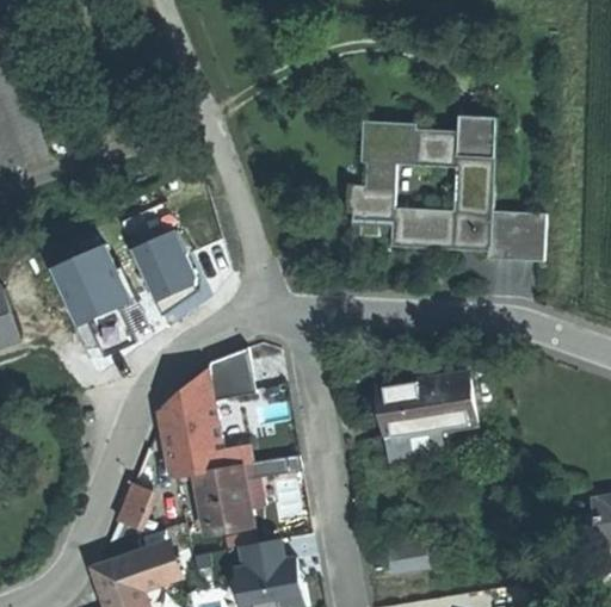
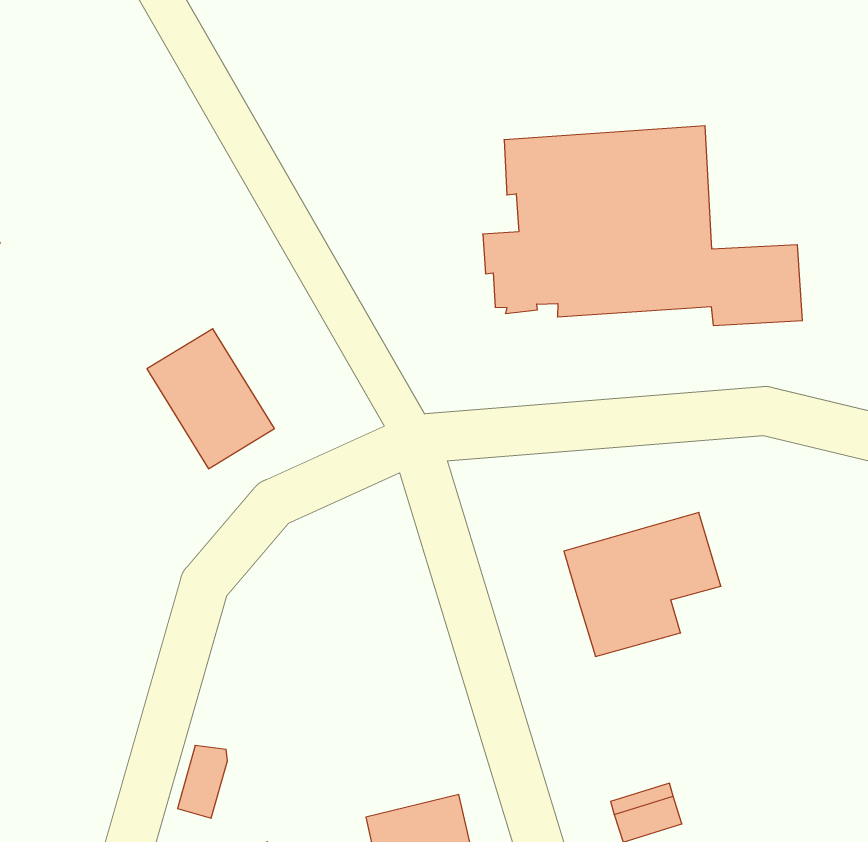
building: [49,240,143,354] -> none
building: [161,364,249,532] -> none

